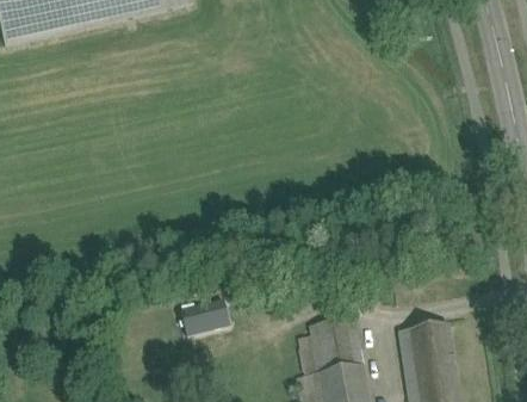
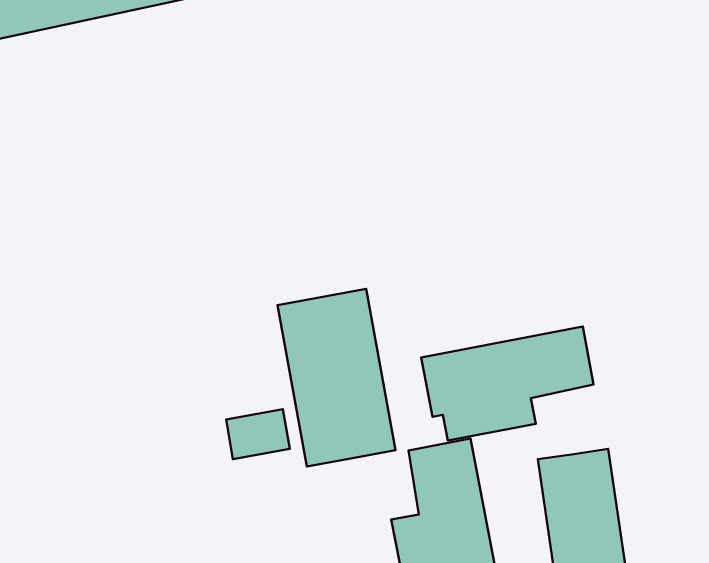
building: none -> [278,289,396,466]
building: none -> [421,326,594,440]

